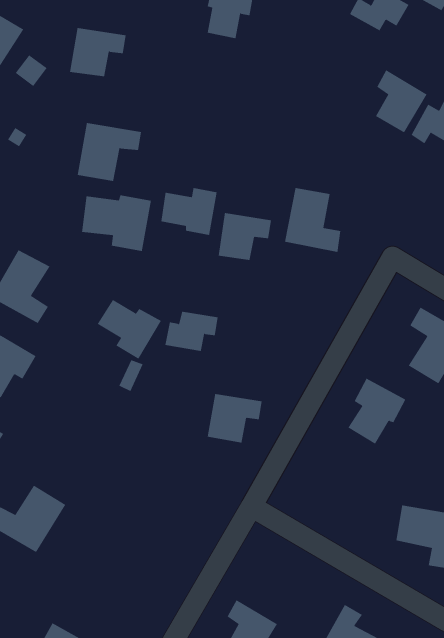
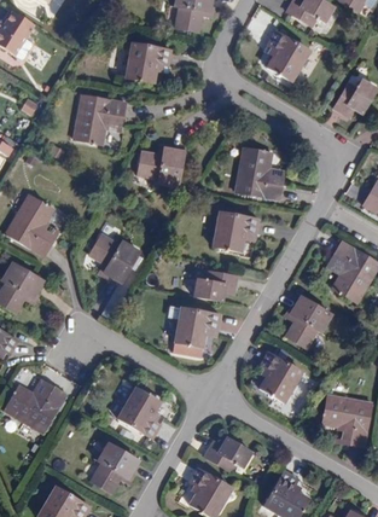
building: [69,27,126,77] -> [126,43,170,82]
building: [375,70,428,133] -> [267,30,308,80]
building: [82,195,151,252] -> none
building: [218,212,272,260] -> [215,213,257,250]
building: [164,311,219,351] -> [193,269,235,301]
building: none -> [260,352,301,402]
building: none -> [118,388,159,437]
building: none -> [205,437,251,471]
building: none -> [92,443,138,492]

